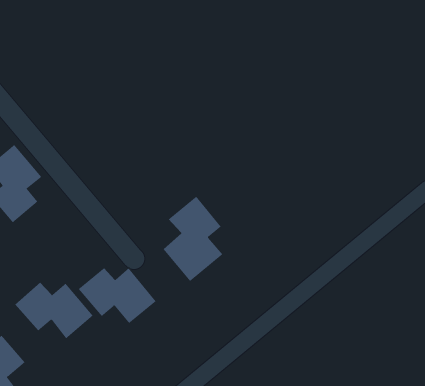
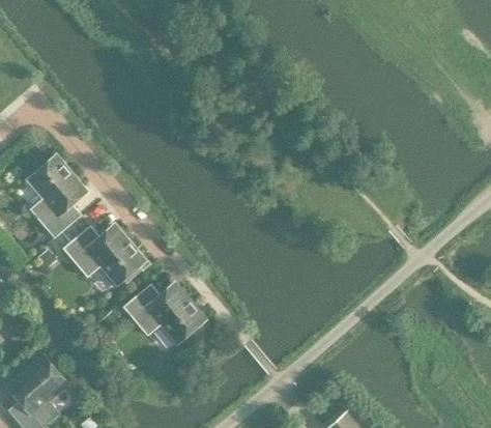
building: [163,196,223,282] -> none
building: [15,282,93,339] -> [62,225,145,285]

